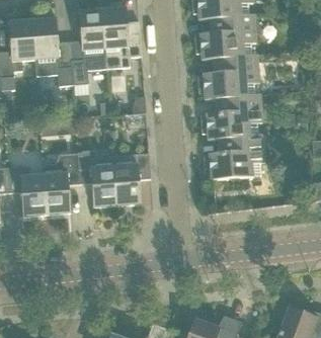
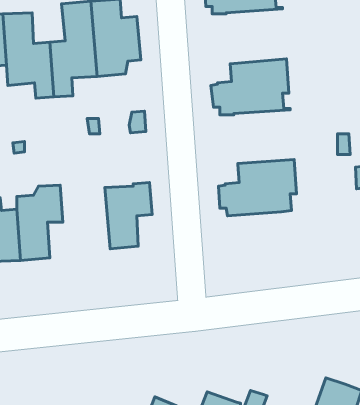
building: [193,15,256,60] -> none
building: [199,95,262,140] -> none
building: [76,152,116,207] -> none

